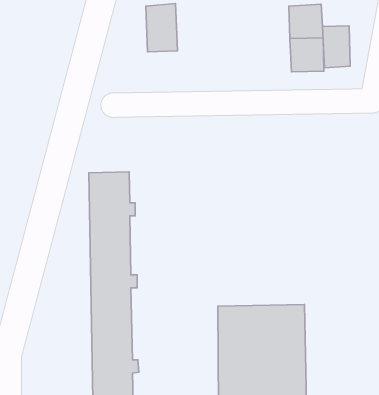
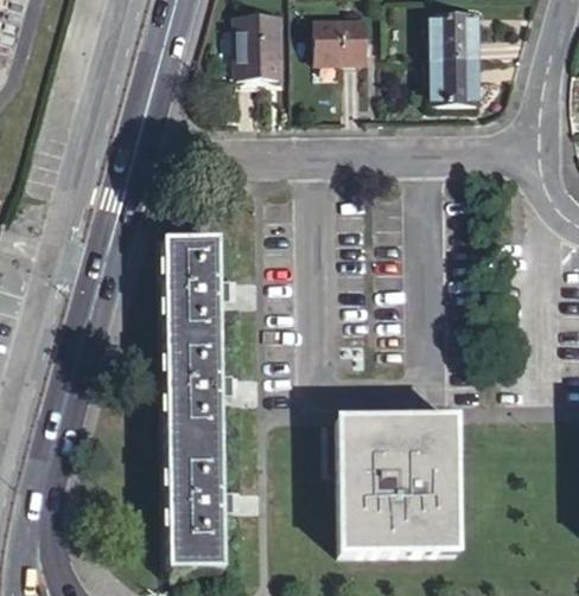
building: none -> [316,17,368,64]
building: [323,26,350,68] -> none

